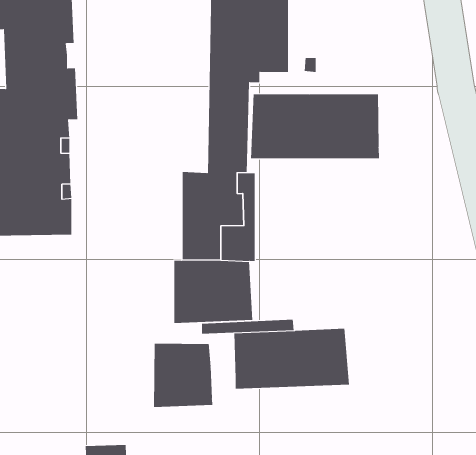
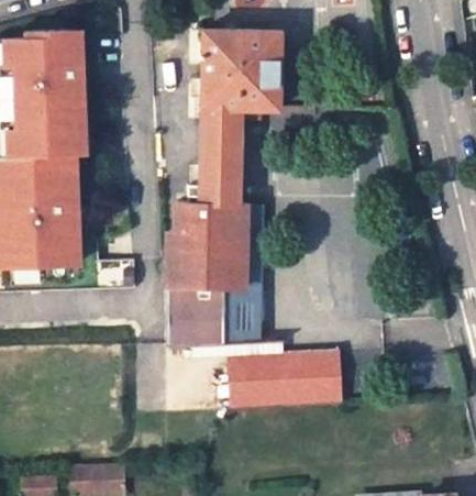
building: [251,93,380,159] -> none
building: [154,343,213,408] -> none

